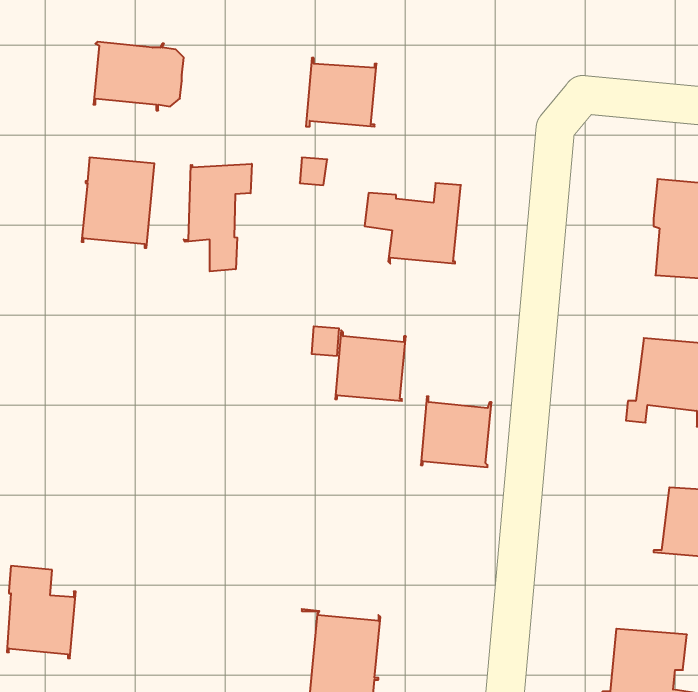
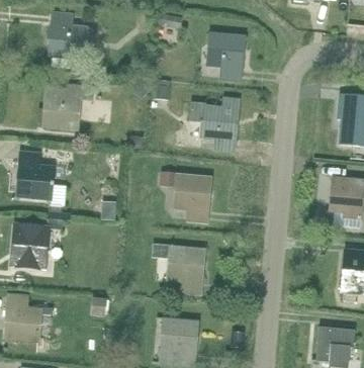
building: [306,58,377,127] -> [207,31,244,67]
building: [184,164,252,271] -> none
building: none -> [17,151,54,199]
building: [421,396,492,467] -> [168,245,204,281]
building: none -> [11,224,48,271]

